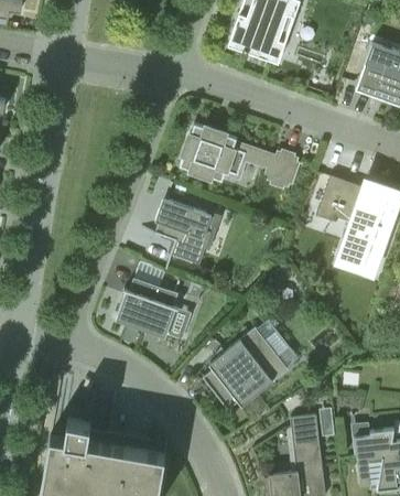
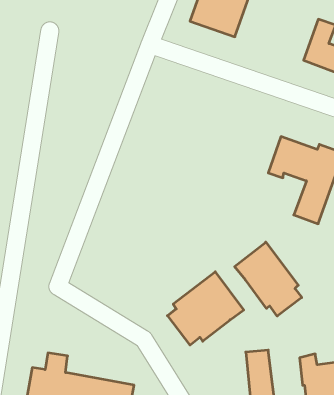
building: [180,123,299,186] -> none
building: [155,197,212,263] -> none
building: [116,277,179,336] -> none
building: none -> [235,242,302,316]

